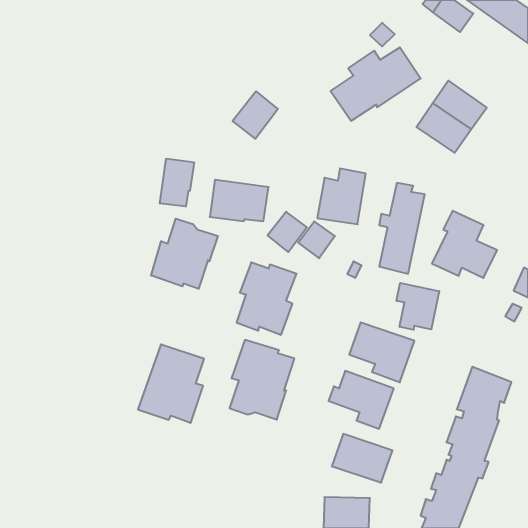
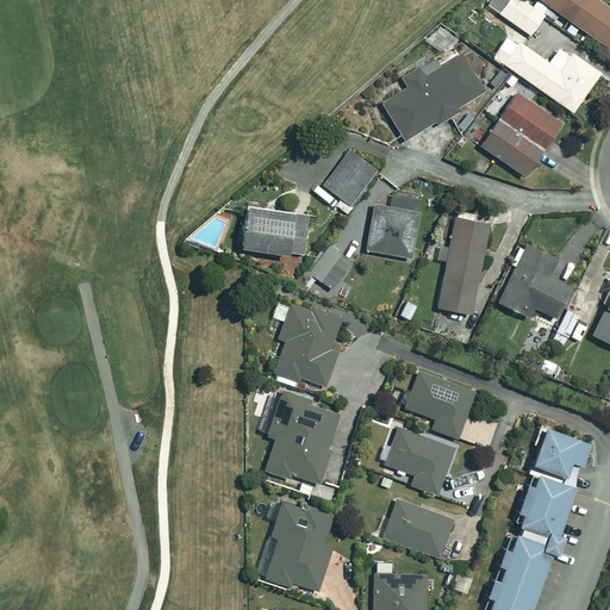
building: none -> [494,36,600,113]
building: [233,91,278,139] -> [323,150,375,205]
building: [160,159,194,207] -> none
building: [151,219,218,289] -> none
building: [298,221,335,258] -> none
building: [397,283,439,330] -> none
building: [138,344,204,423] -> [256,500,332,591]

